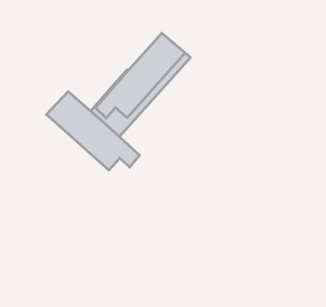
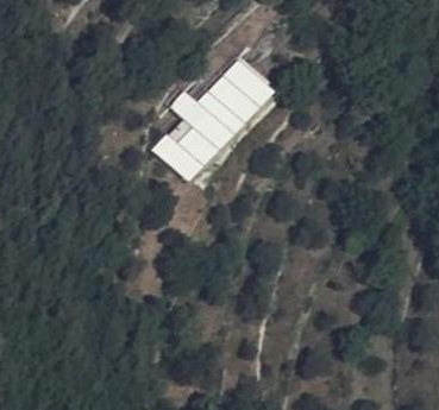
building: [46,92,140,170] -> none

